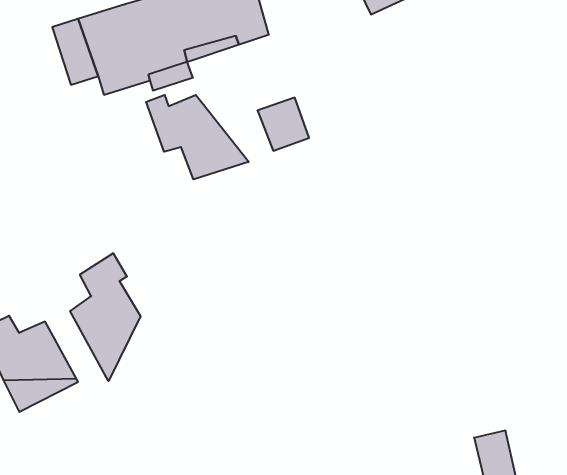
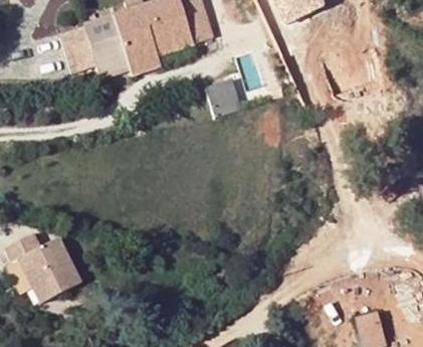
building: [146,95,249,179] -> none
building: [70,253,141,381] -> none

